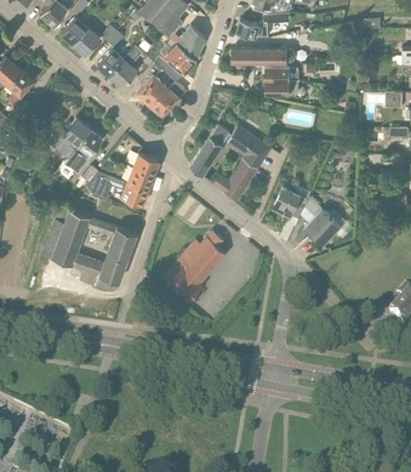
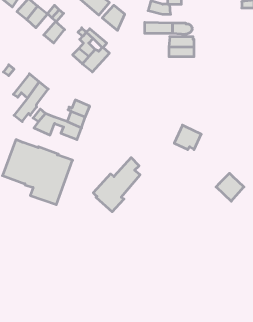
building: [158,41,195,73] -> none
building: [109,45,142,86] -> none
building: [190,125,274,201] -> none
building: [304,209,342,246] -> [216,173,244,201]

